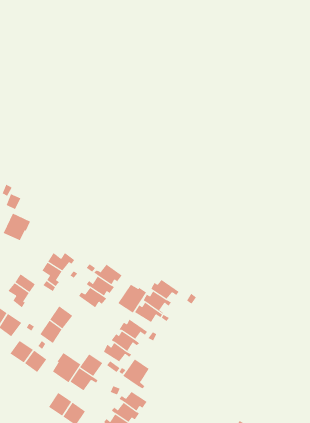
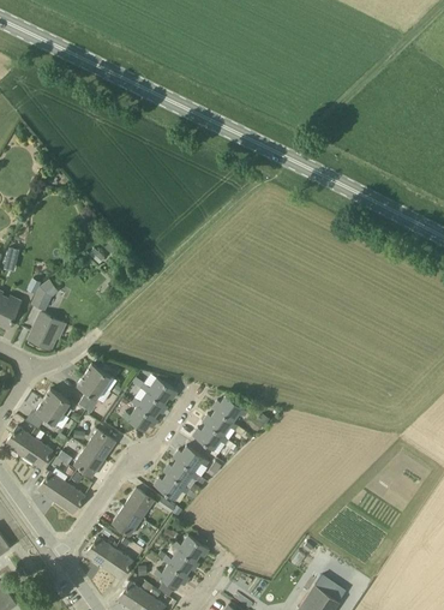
building: [117,284,147,314] -> none
building: [52,352,81,383] -> none
building: [123,358,149,389] -> none

